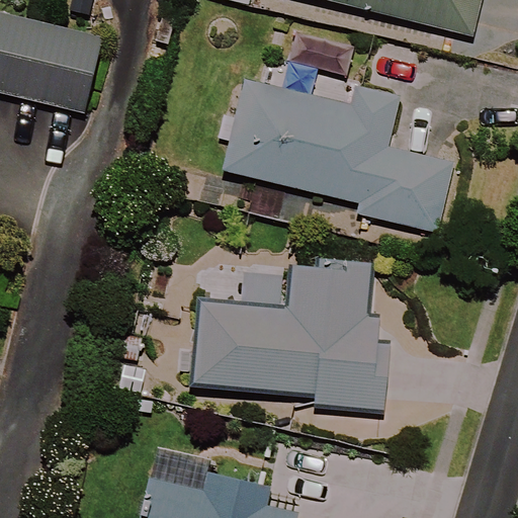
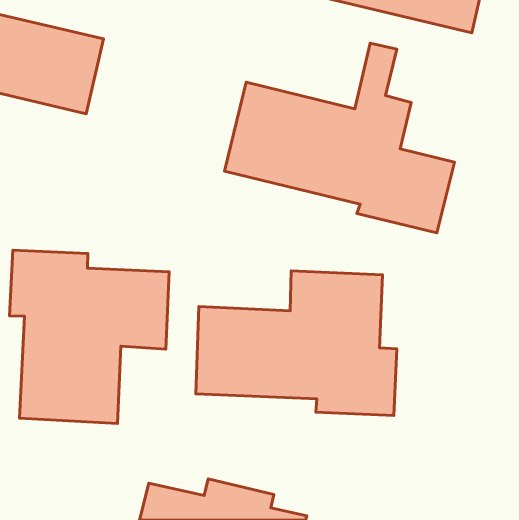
building: none -> [9,250,169,423]

